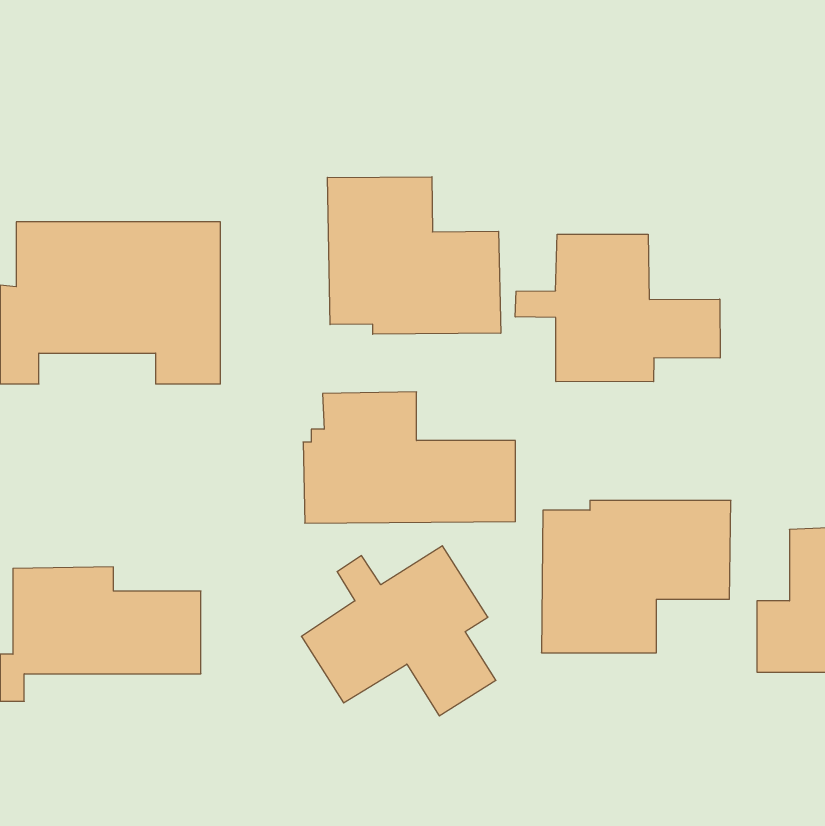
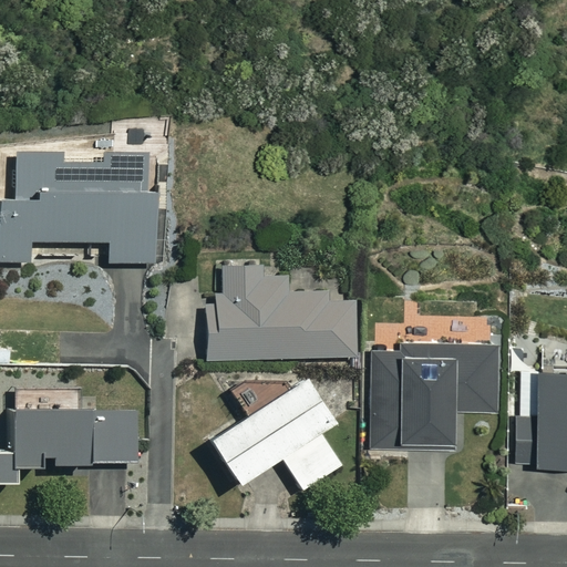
building: [327,177,501,334] -> none
building: [515,234,720,382] -> none

